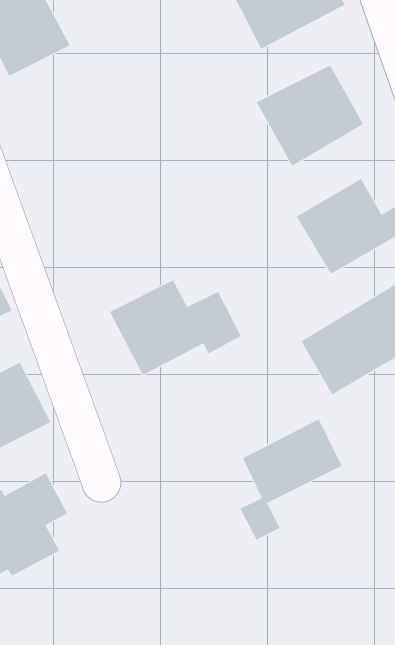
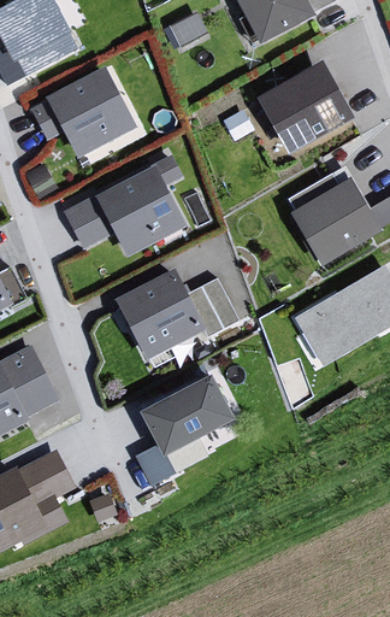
building: none -> [30,64,136,155]
building: none -> [64,154,188,255]
building: [239,418,342,541] -> [137,370,234,484]

